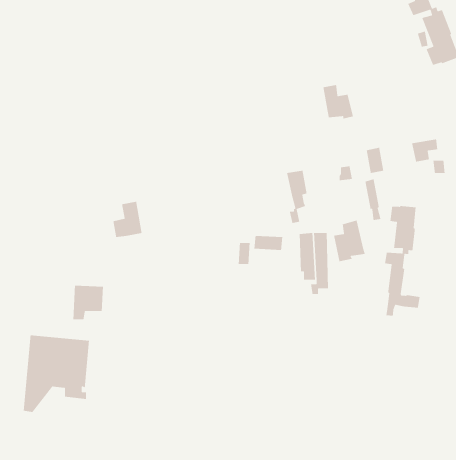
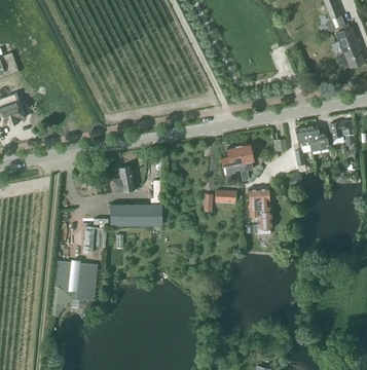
building: [323,84,354,120] -> [306,124,329,150]
building: [384,205,420,316] -> none
building: [333,219,366,262] -> [221,145,245,176]
building: none -> [110,203,162,225]

